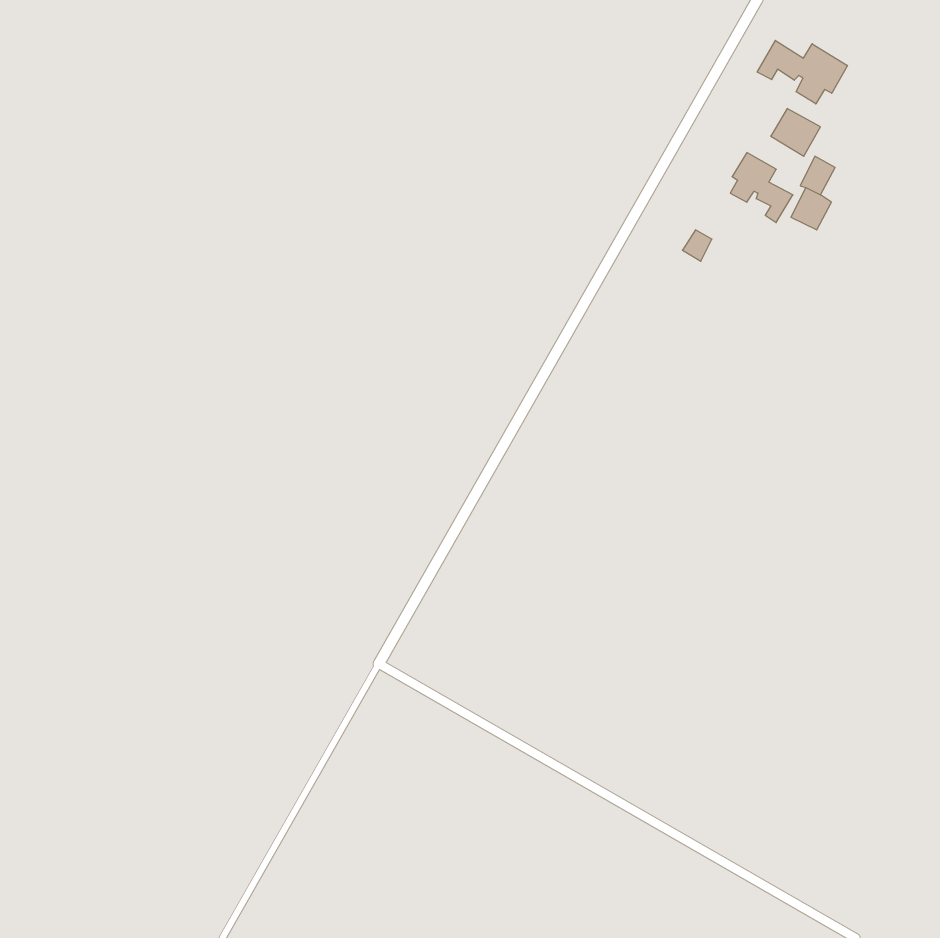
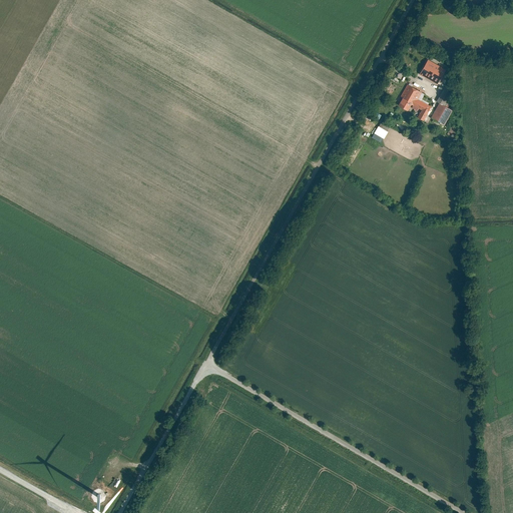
building: [757,40,847,104] -> none

